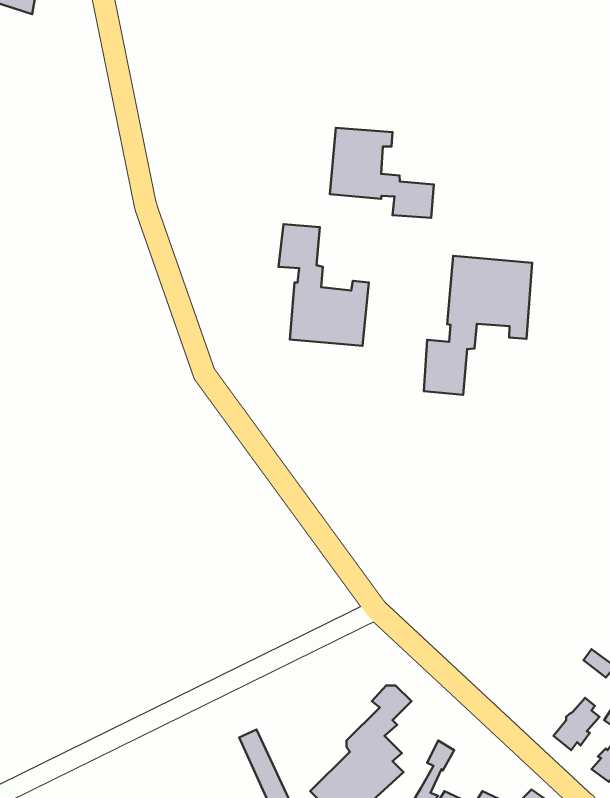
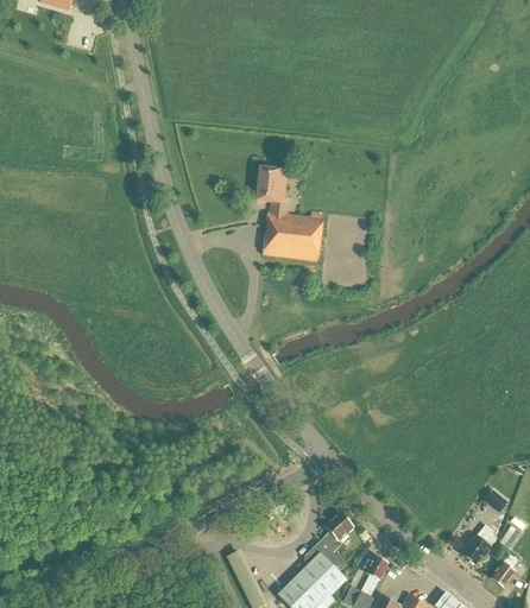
building: [330,128,434,218] -> none
building: [424,256,532,395] -> none

